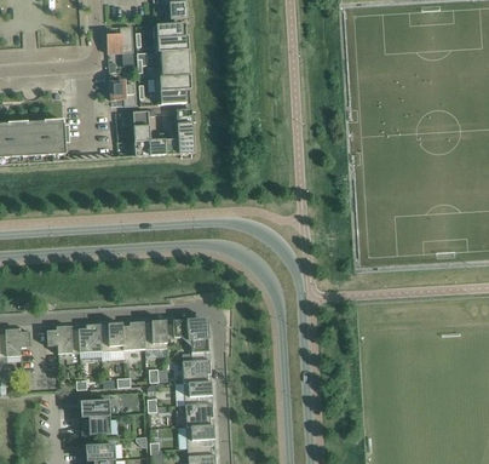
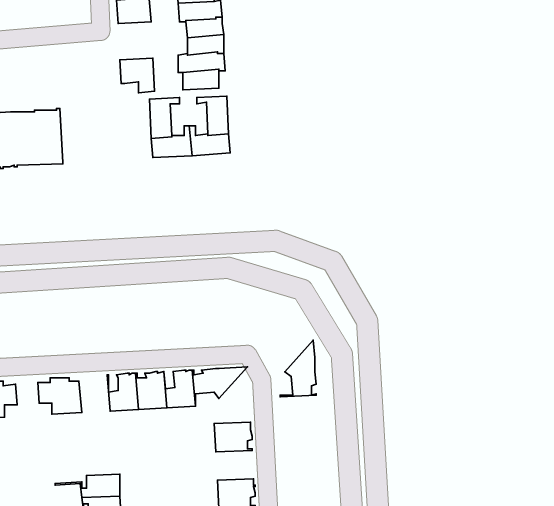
building: [182,316,209,360] -> [280,340,316,397]
building: [77,322,102,351] -> none
building: [183,380,212,403] -> none

